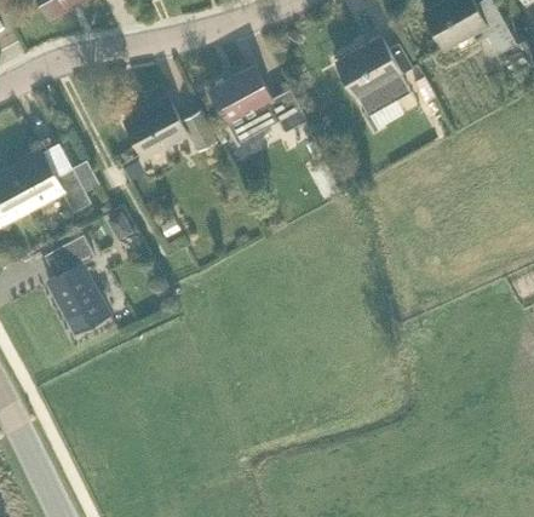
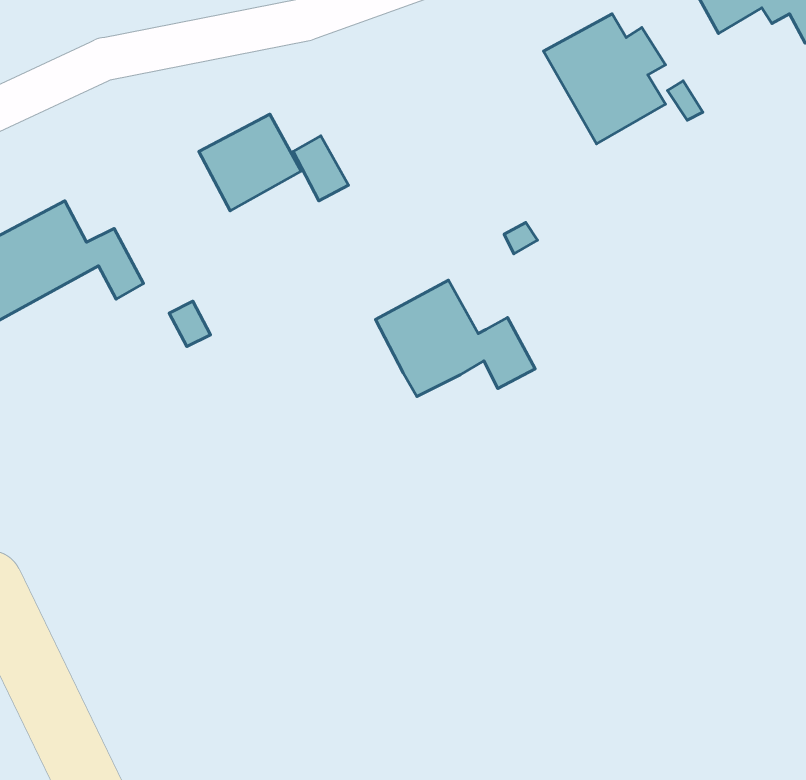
building: [209,68,308,139] -> [376,280,535,396]
building: [47,236,110,333] -> none

